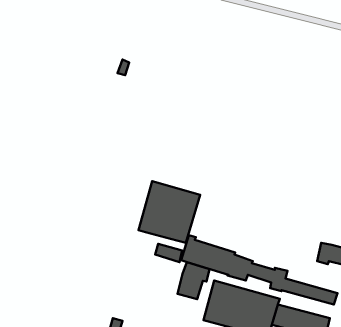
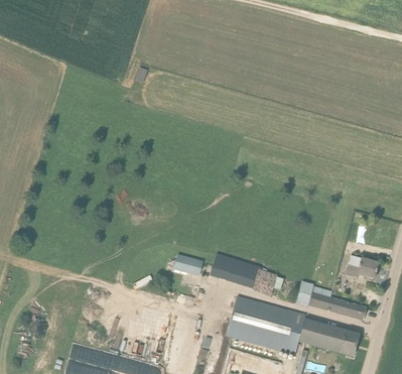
building: [138,181,200,243] -> none
building: [178,262,210,299] -> none

